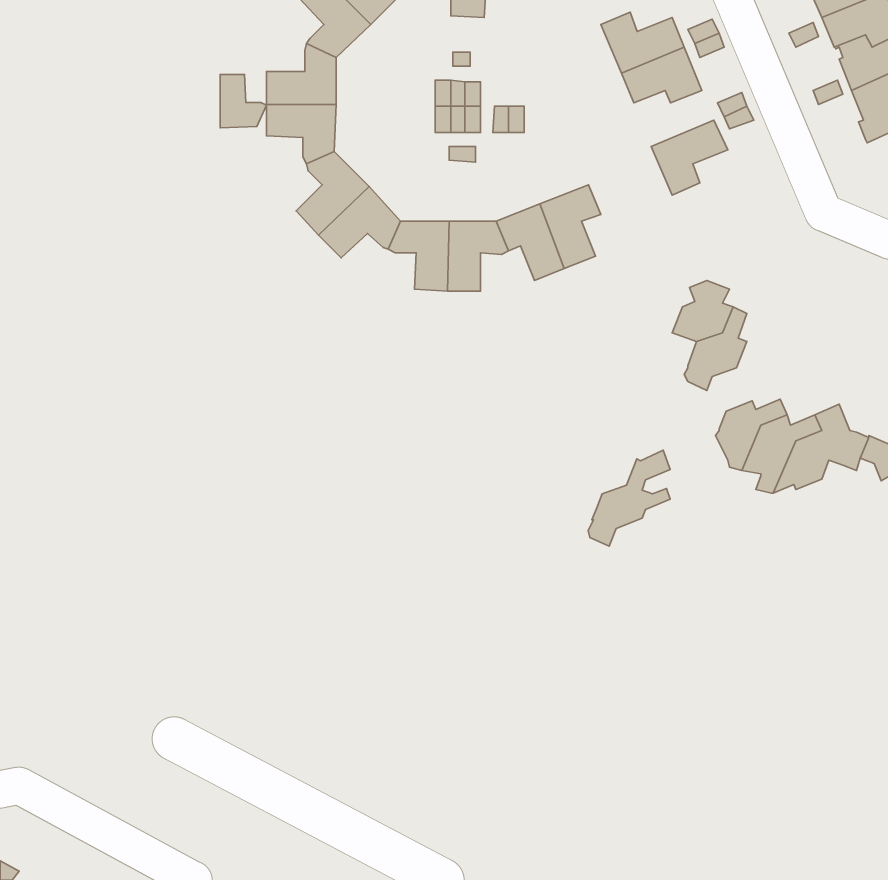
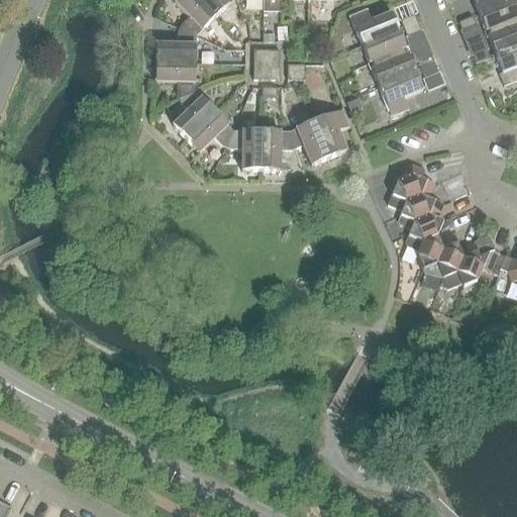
building: [220,75,266,128] -> none
building: none -> [369,53,415,85]
building: [588,450,670,546] -> [406,193,453,248]

